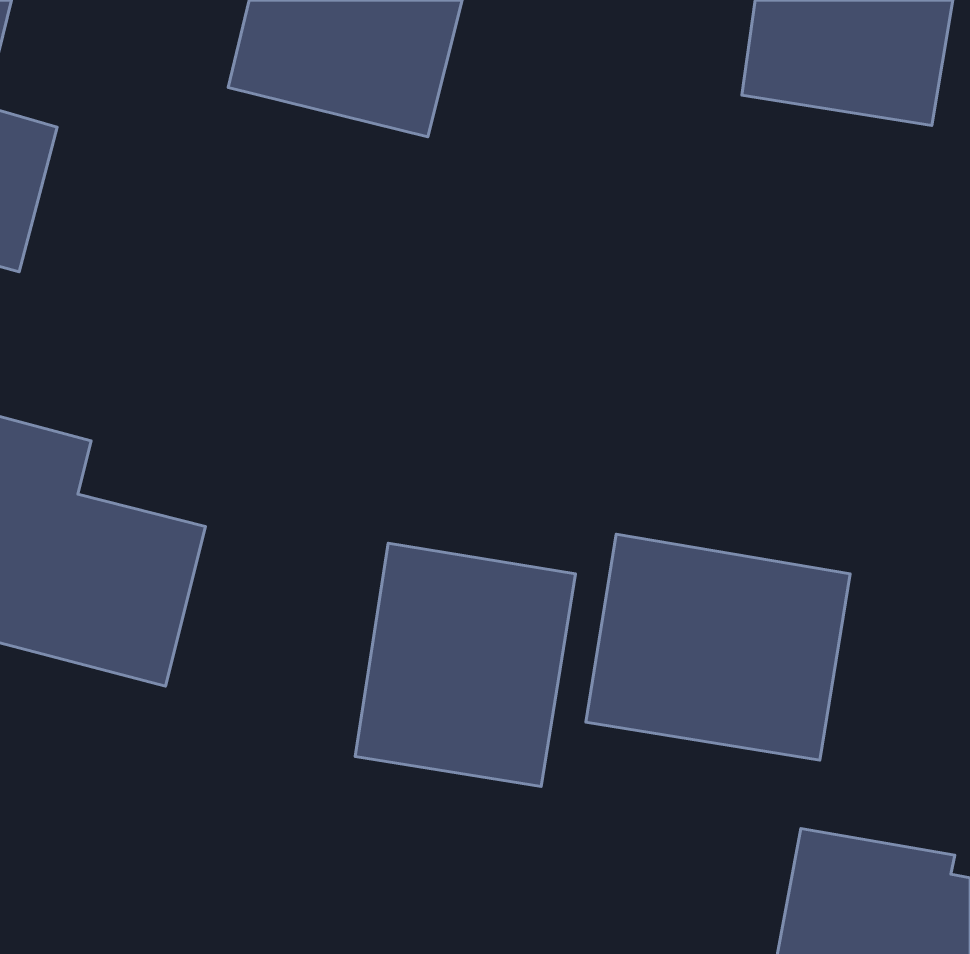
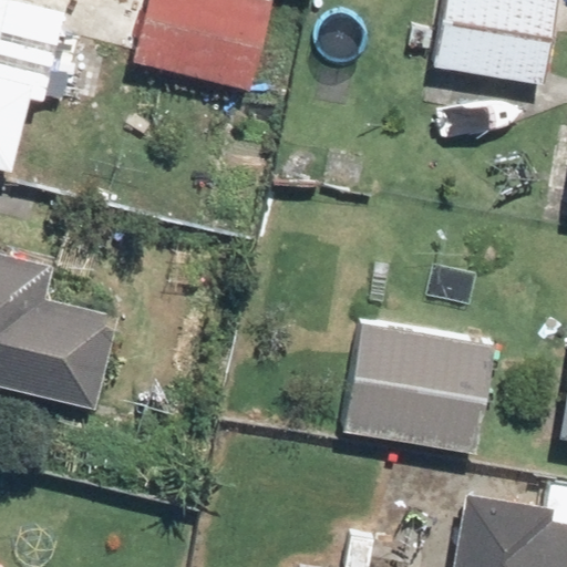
building: [355,543,576,787] -> none

